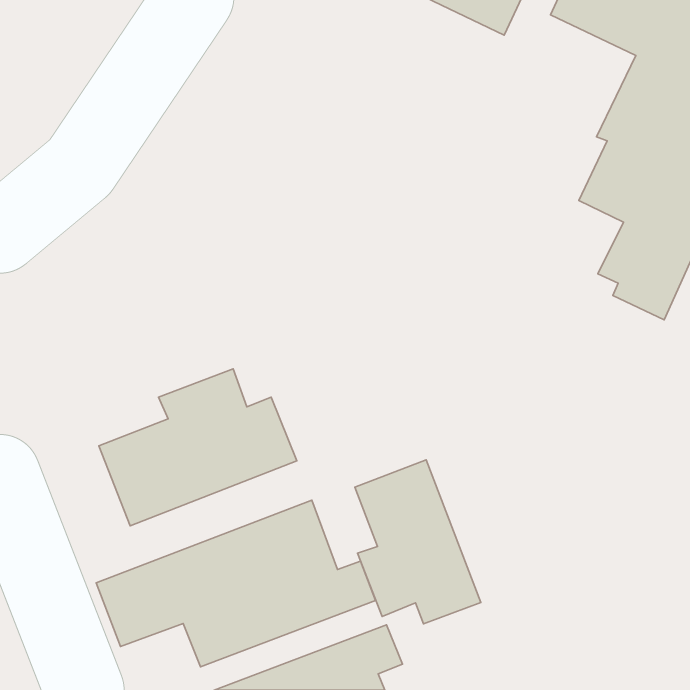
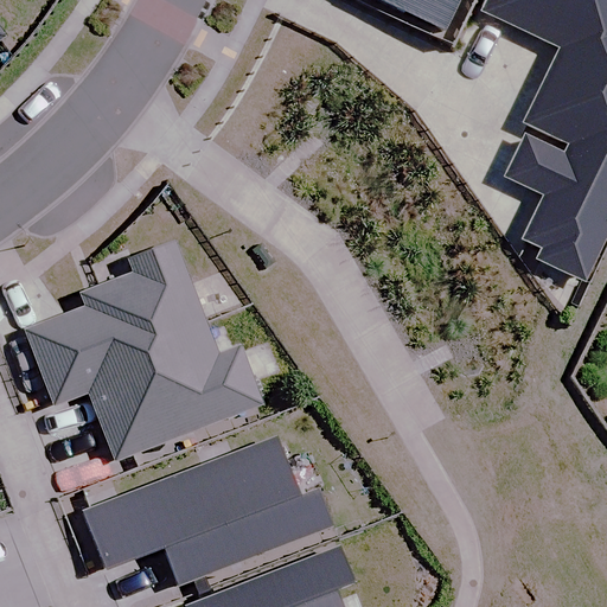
building: none -> [27,241,206,403]
building: [355,460,481,624] -> none

